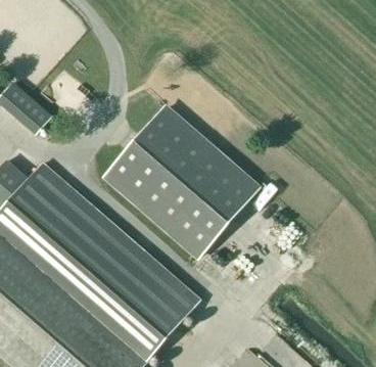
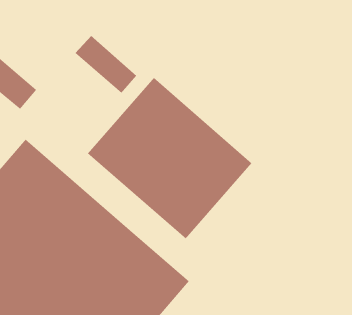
building: none -> [75,35,137,94]

